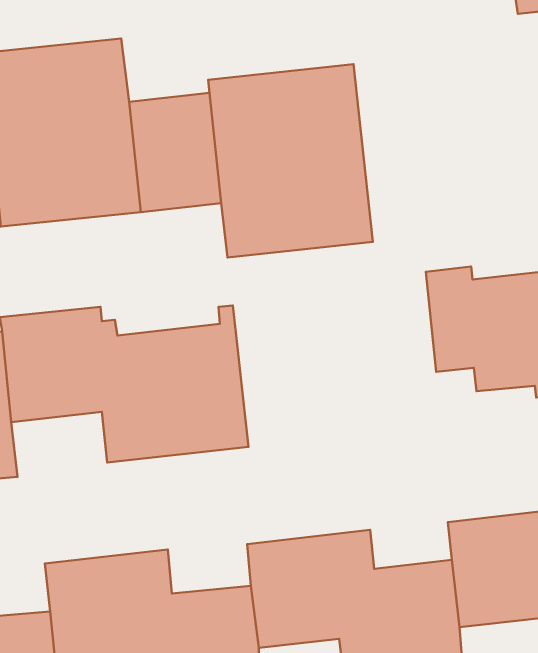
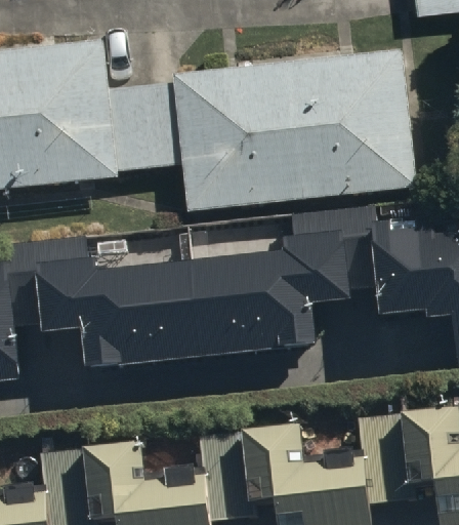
building: none -> [286,44,416,197]
building: none -> [191,220,351,359]

